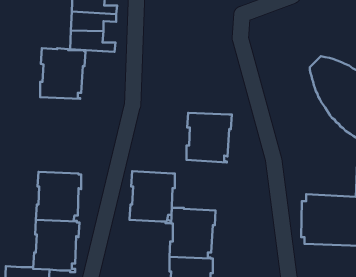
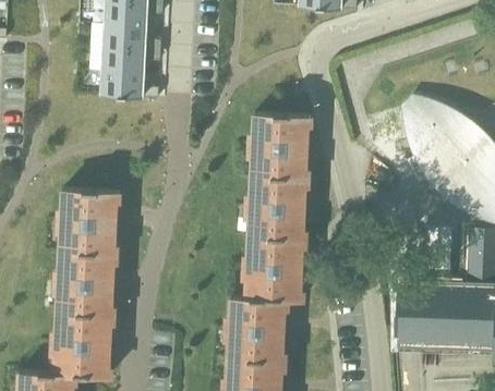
building: [40,48,85,99] -> [61,191,119,255]
building: none -> [252,115,311,180]
building: [130,171,175,223] -> [246,237,304,304]

